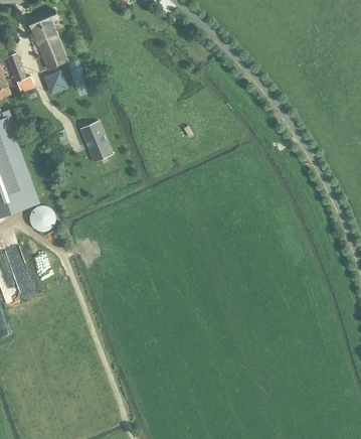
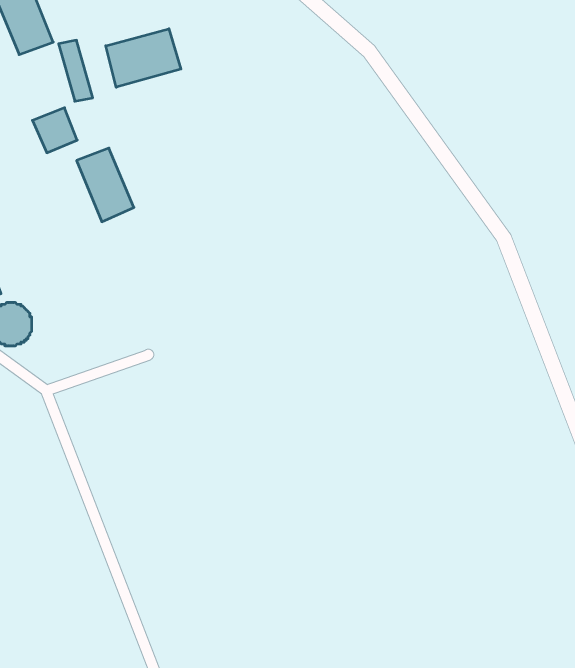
building: none -> [106,29,181,87]
building: [43,68,68,94] -> [32,108,77,153]

